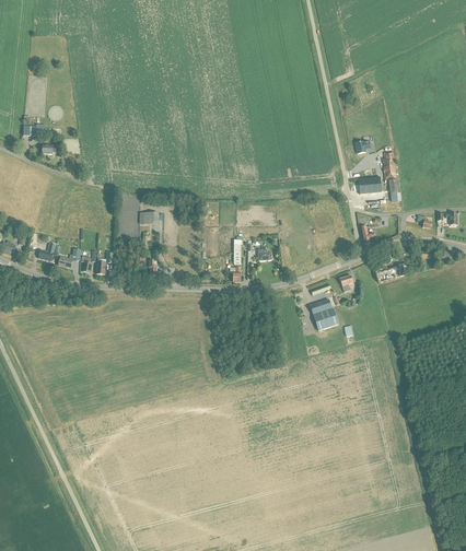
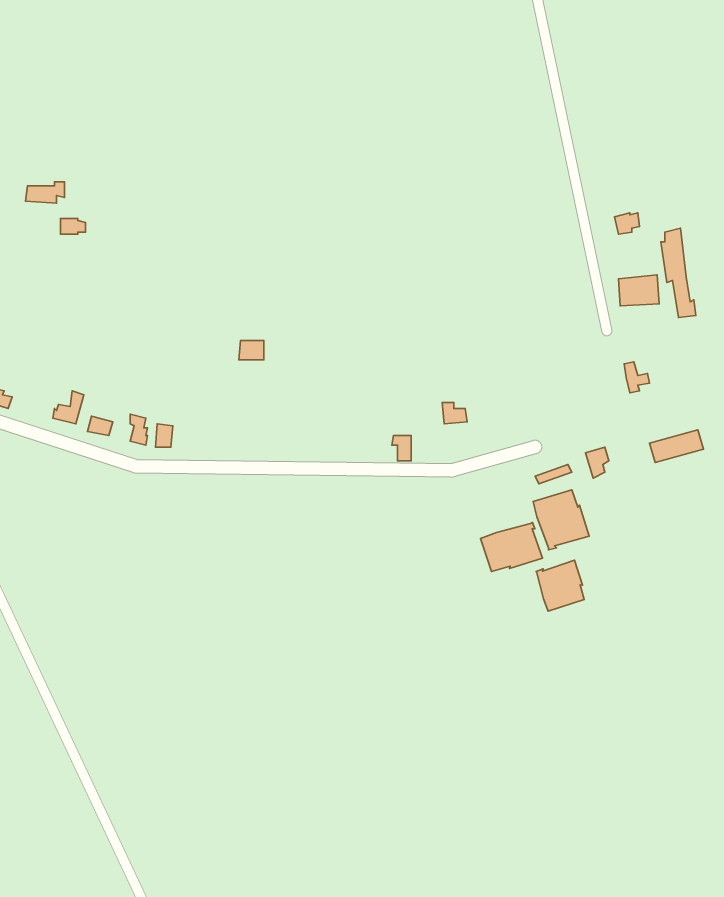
building: none -> [481,523,543,572]
building: none -> [536,560,584,611]

